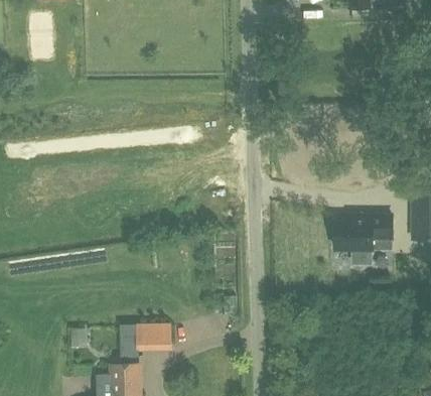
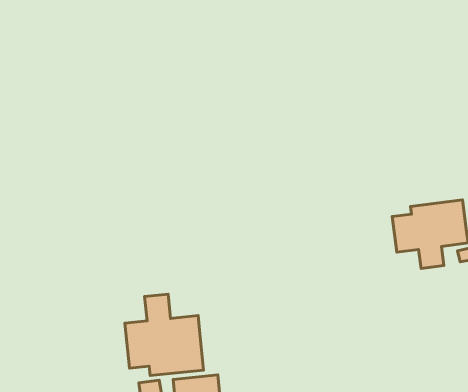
building: none -> [125,294,204,376]

